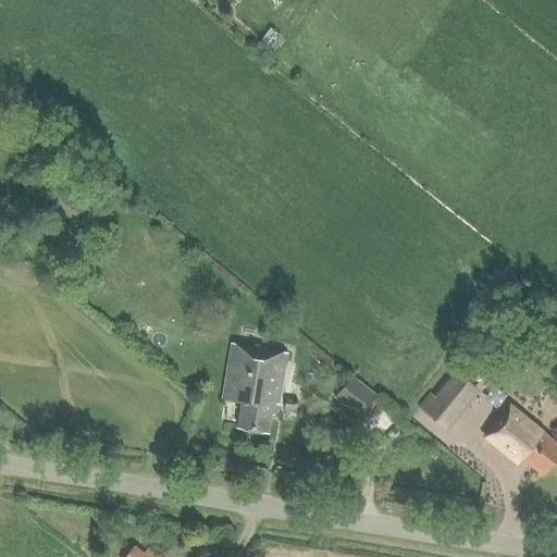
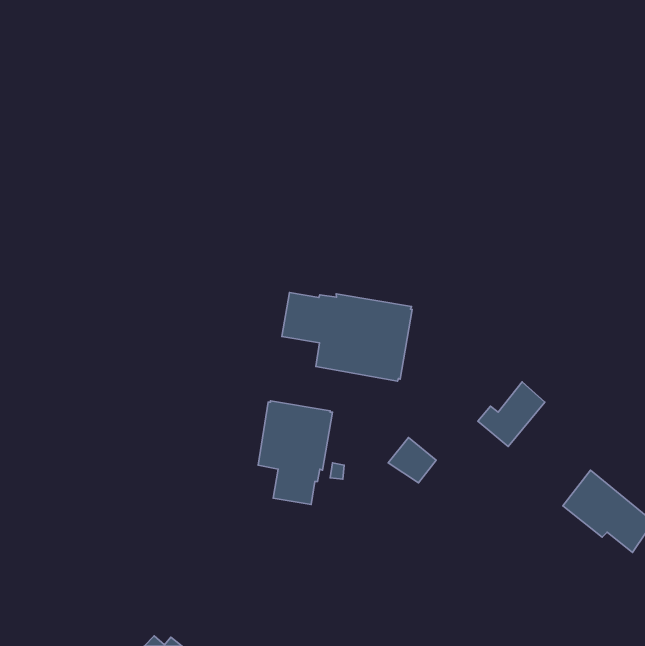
building: none -> [282,292,412,381]
building: [419,373,476,429] -> [478,382,545,446]

